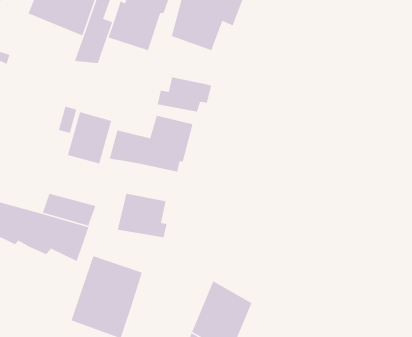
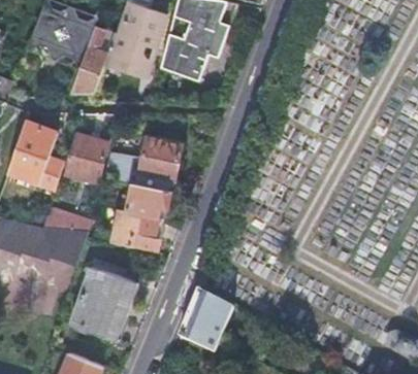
building: [157,76,212,113] -> [120,183,170,216]
building: none -> [9,121,66,186]

